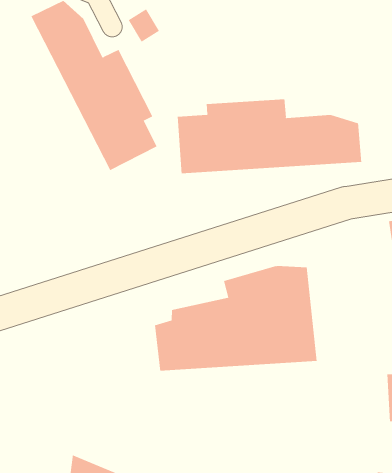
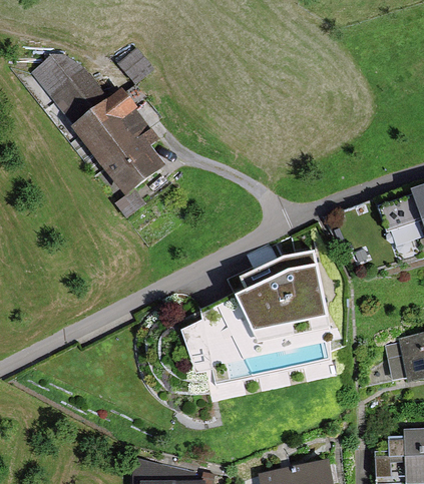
building: [177,98,362,174] -> none

